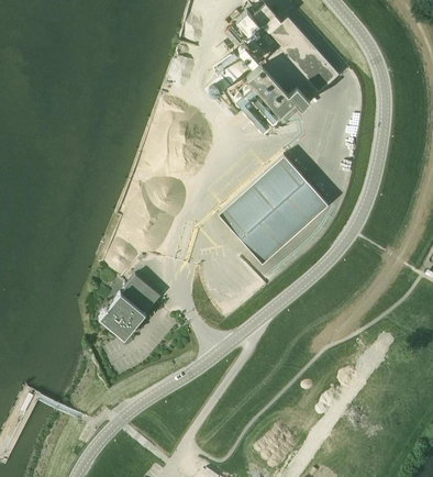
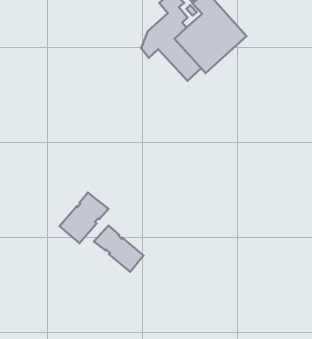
building: [219,155,330,264] -> none
building: none -> [94,226,143,272]

